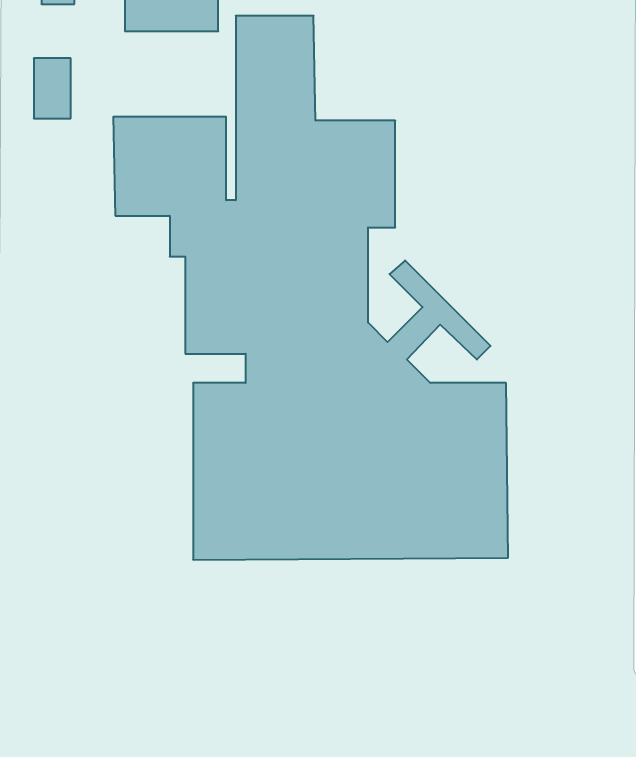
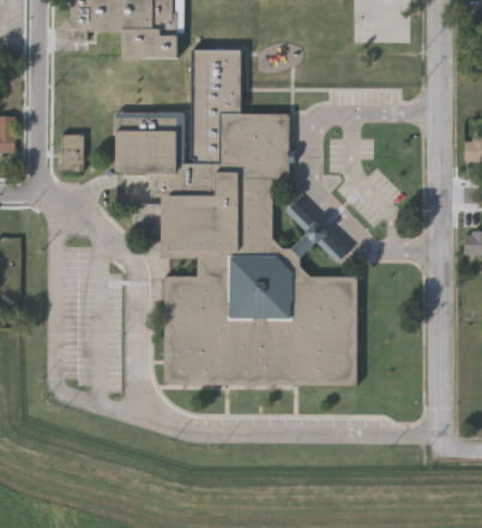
building: [34,58,71,118] -> [60,134,83,172]

